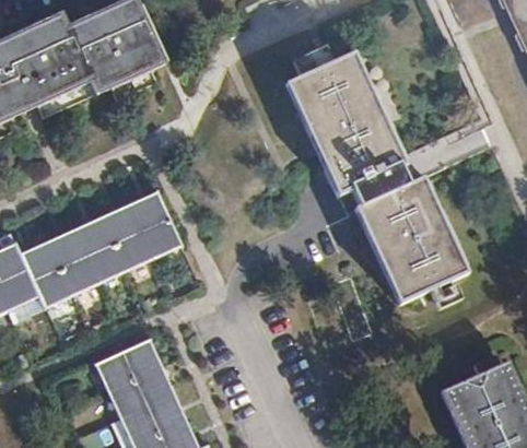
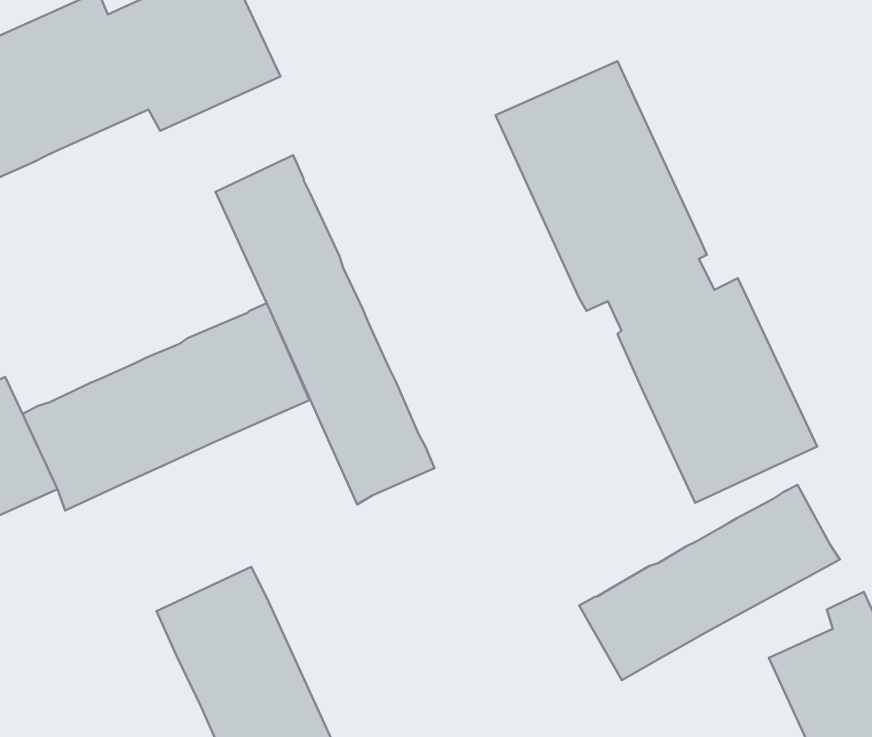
building: none -> [216,155,435,505]
building: none -> [579,485,840,680]

